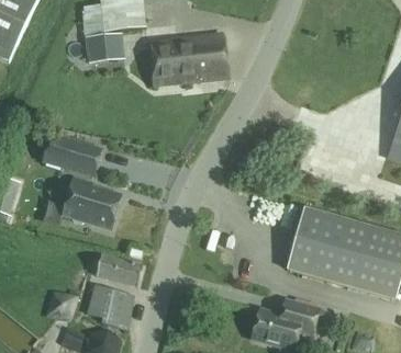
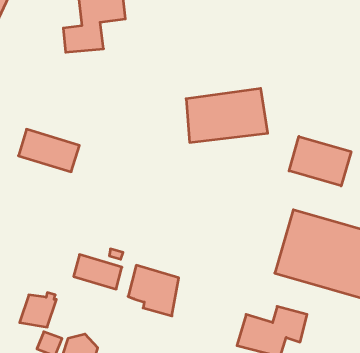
building: [151,32,229,83] -> [186,88,268,142]
building: none -> [289,136,351,186]
building: [63,175,120,227] -> none
building: [86,282,134,330] -> [128,265,179,316]

